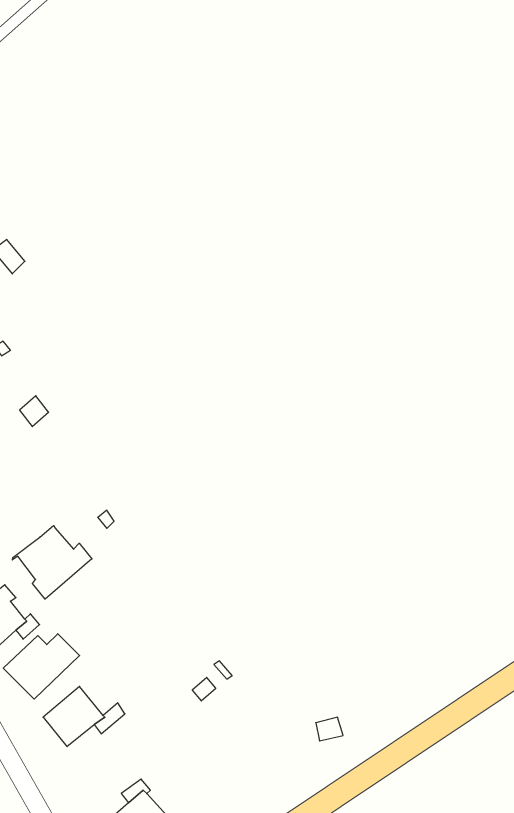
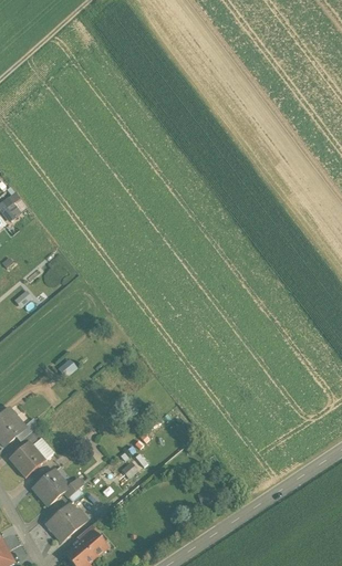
building: [12,526,92,599] -> none
building: none -> [45,505,85,539]

